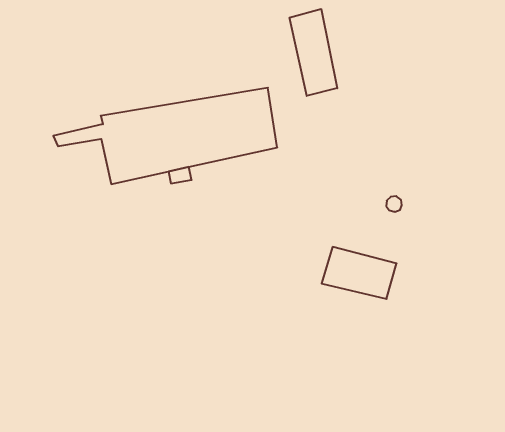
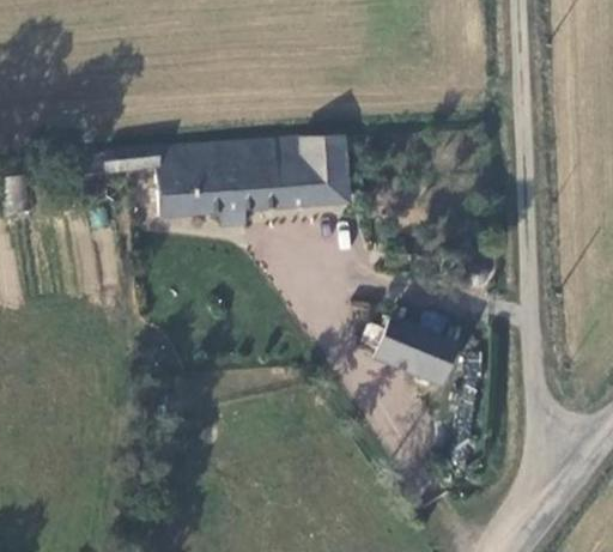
building: [290,9,337,96] -> none

